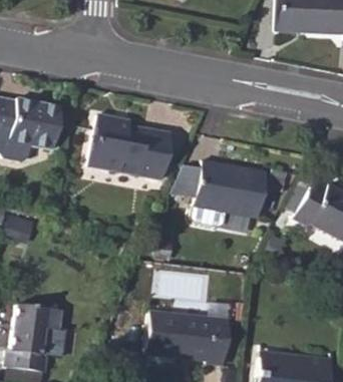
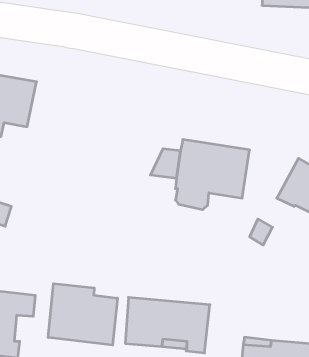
building: [89,112,173,178] -> none
building: none -> [48,284,117,345]

